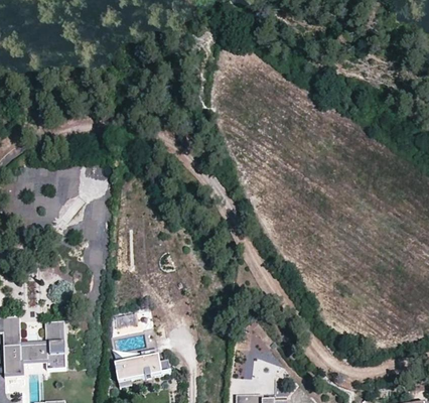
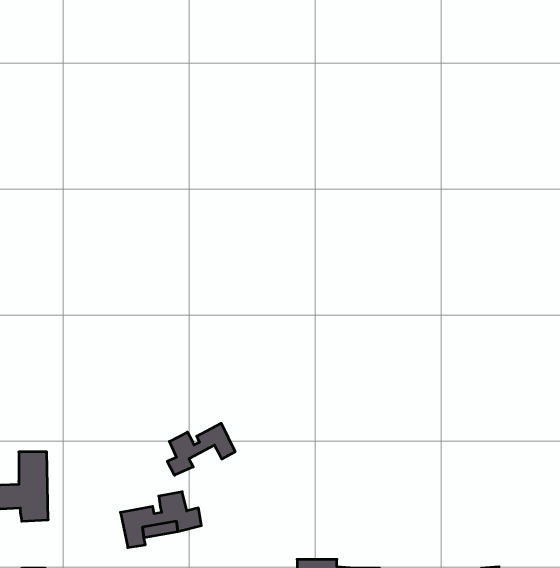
building: none -> [167,423,235,475]

